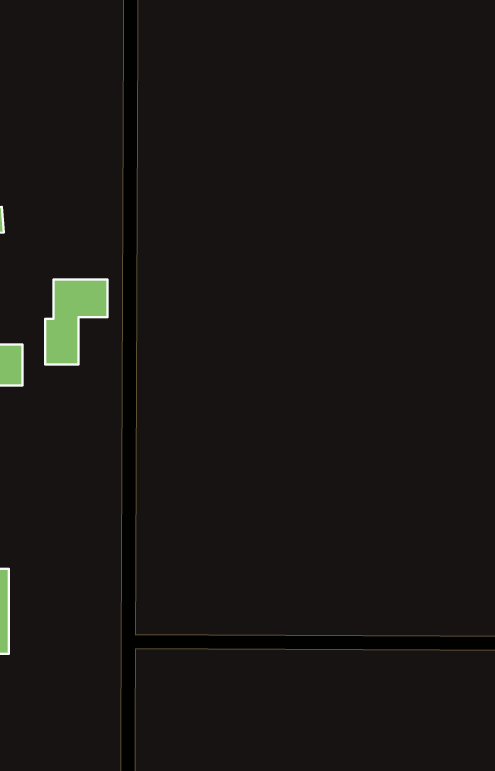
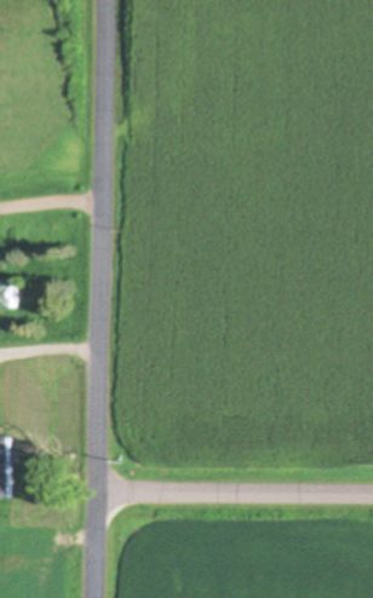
building: [45,280,108,364] -> none

